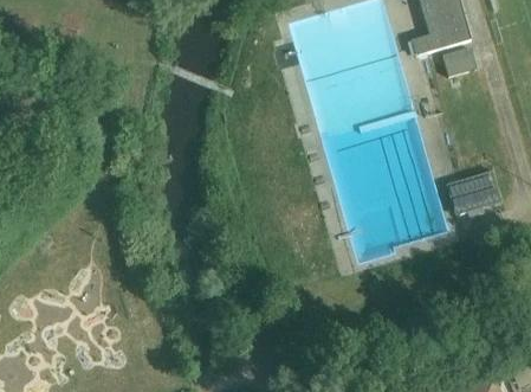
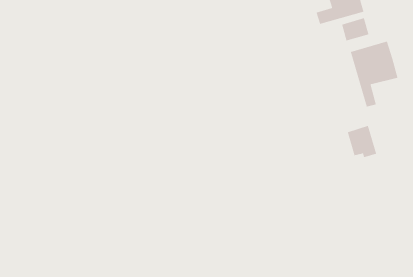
building: none -> [350,40,398,108]

